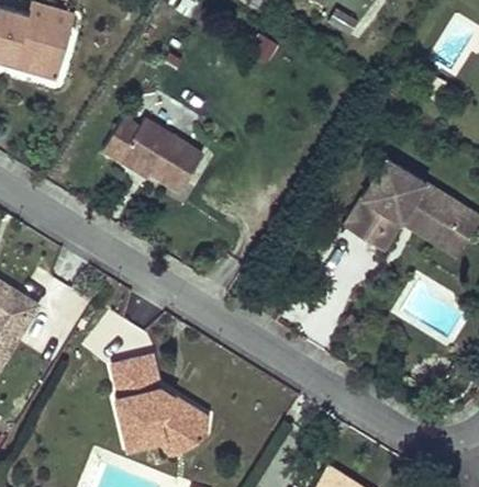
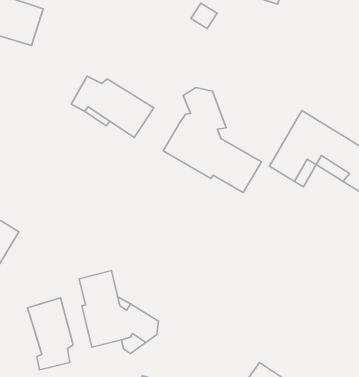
building: none -> [163,88,262,193]
building: none -> [27,298,73,370]

